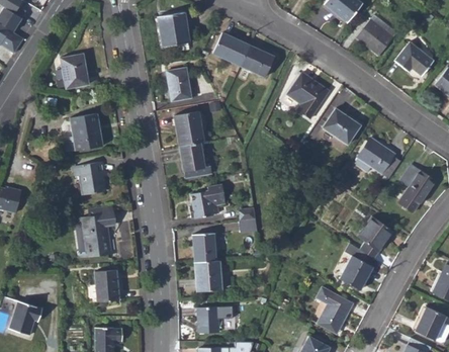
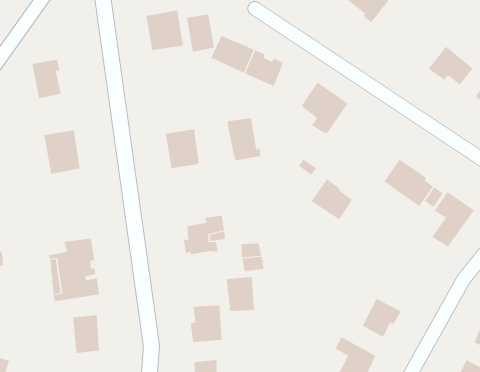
building: [357,15,396,55] -> none
building: [166,69,190,101] -> [186,14,215,52]
building: [323,108,358,144] -> [311,178,353,220]
building: [178,143,207,179] -> [227,118,261,161]
building: [74,161,107,194] -> none
building: [357,215,392,258] -> none
building: [191,233,215,262] -> [226,277,255,311]

